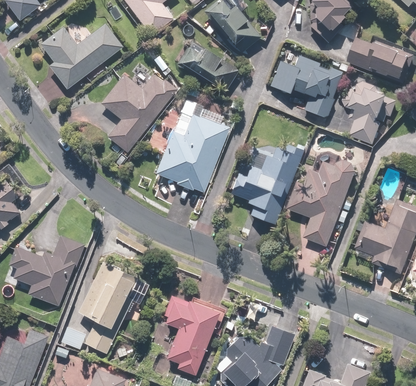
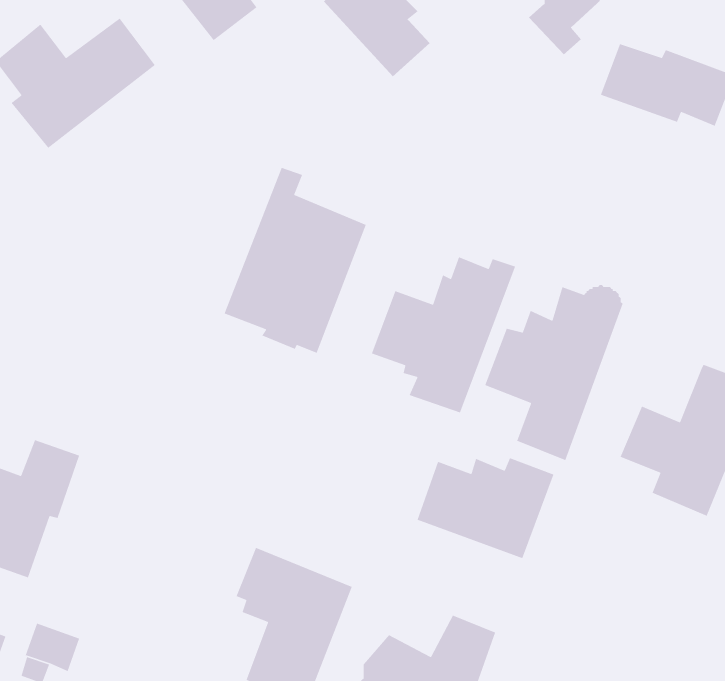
building: [175,41,238,90] -> none
building: [268,47,343,119] -> none
building: [100,73,176,154] -> none
building: [342,81,388,144] -> none
building: none -> [416,457,554,559]
building: [81,260,148,353] -> none

